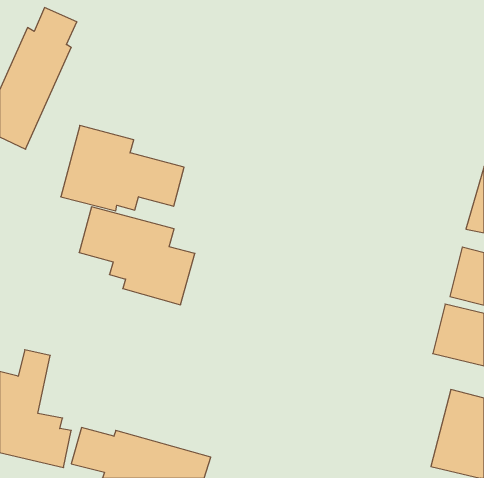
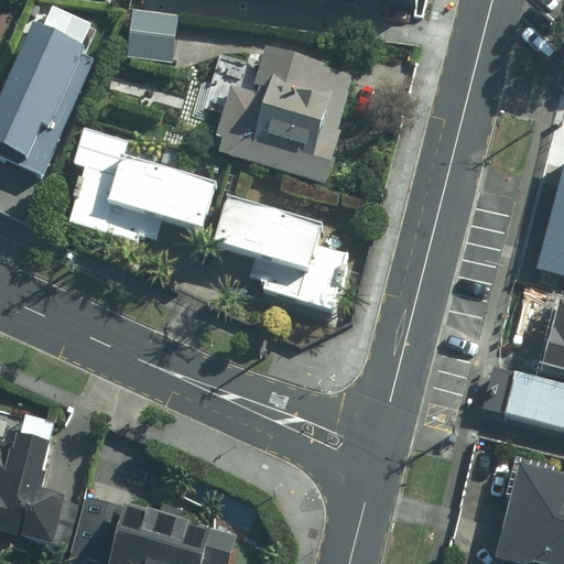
building: none -> [127,9,177,63]
building: none -> [213,50,354,187]
building: [79,207,195,305] -> [213,200,347,314]

